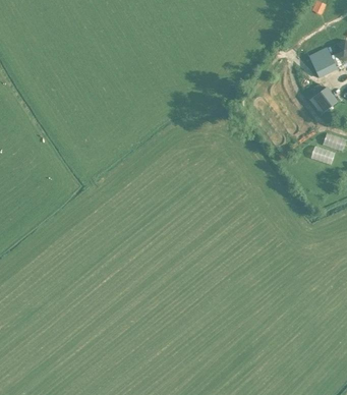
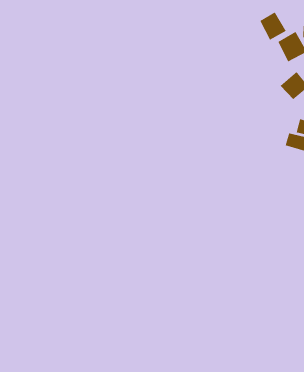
building: none -> [259,11,287,41]

